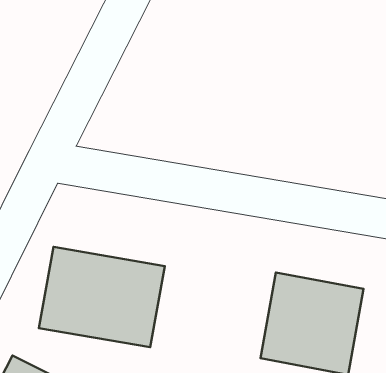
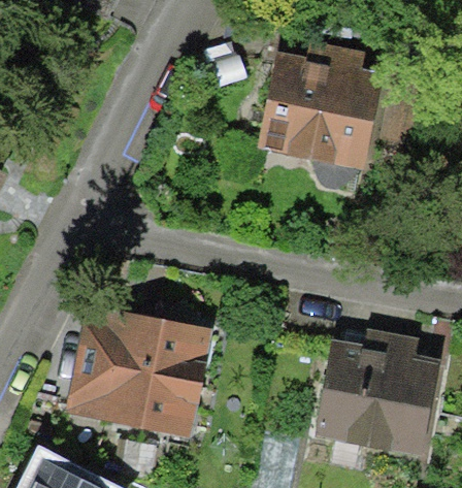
building: none -> [265,47,376,169]

